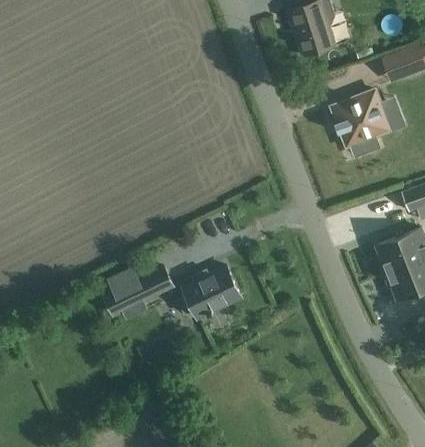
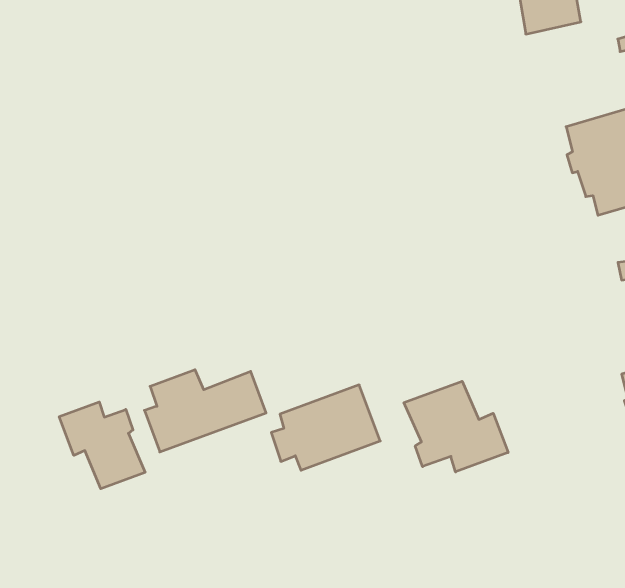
building: none -> [404,381,508,472]
building: none -> [59,402,145,489]

